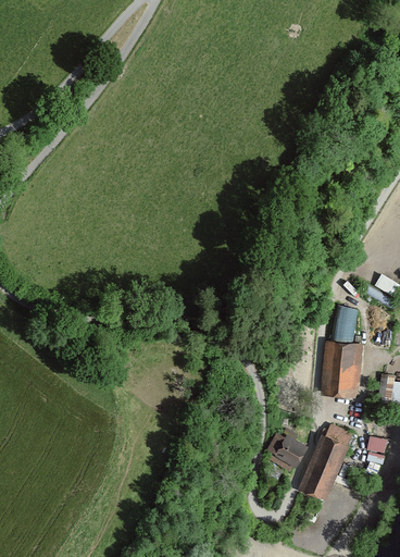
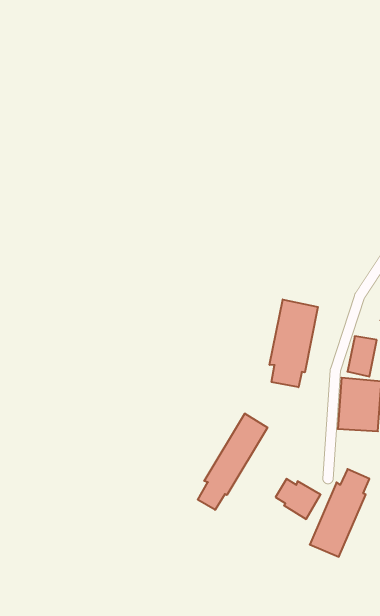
building: none -> [270,299,318,387]
building: none -> [198,413,267,510]

